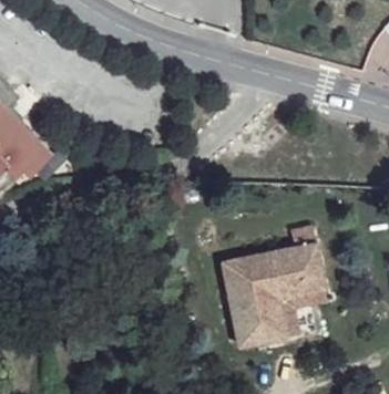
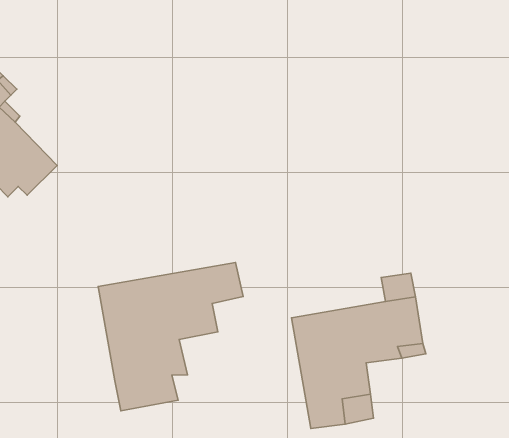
building: none -> [98,263,243,411]

